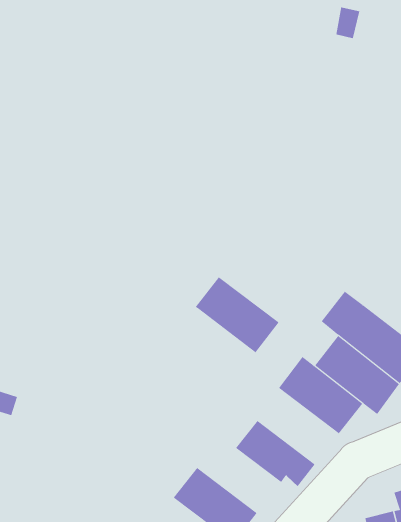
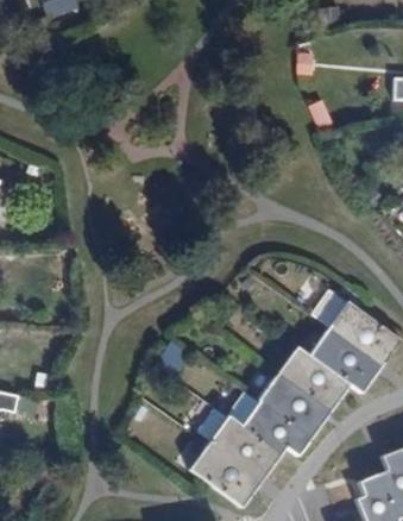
building: [195,276,279,353] -> [257,376,329,438]
building: none -> [212,420,284,483]

